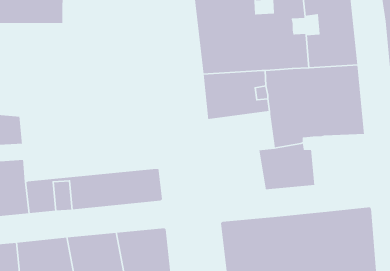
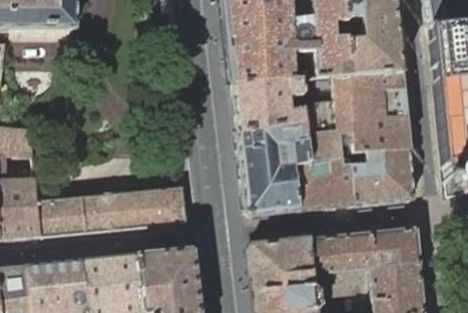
building: none -> [236,124,309,216]
building: none -> [350,149,413,206]

